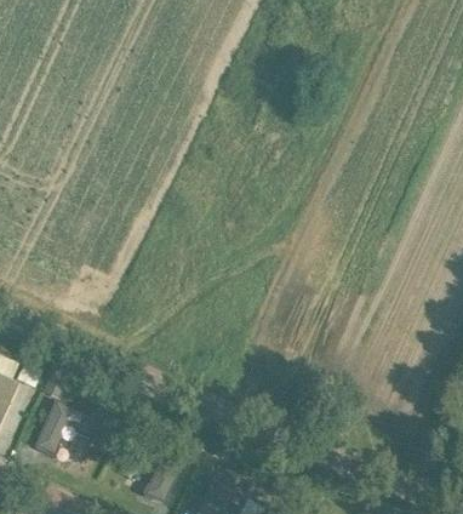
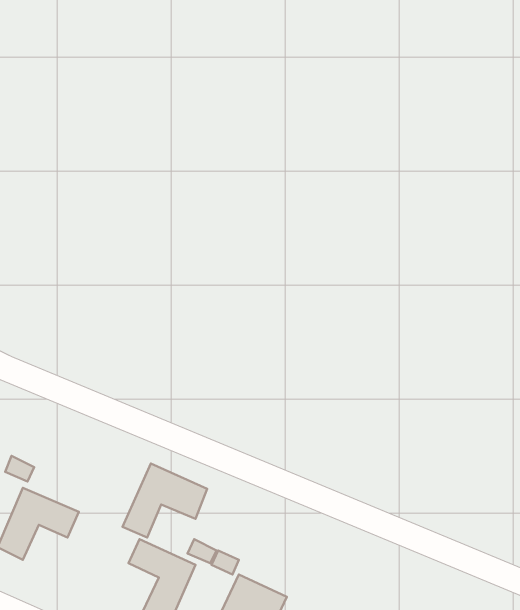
building: none -> [123,464,207,537]

